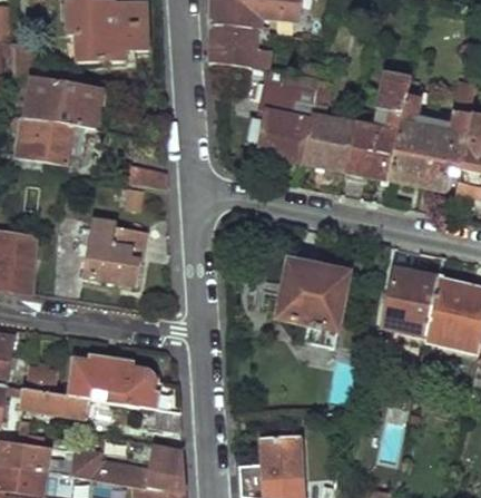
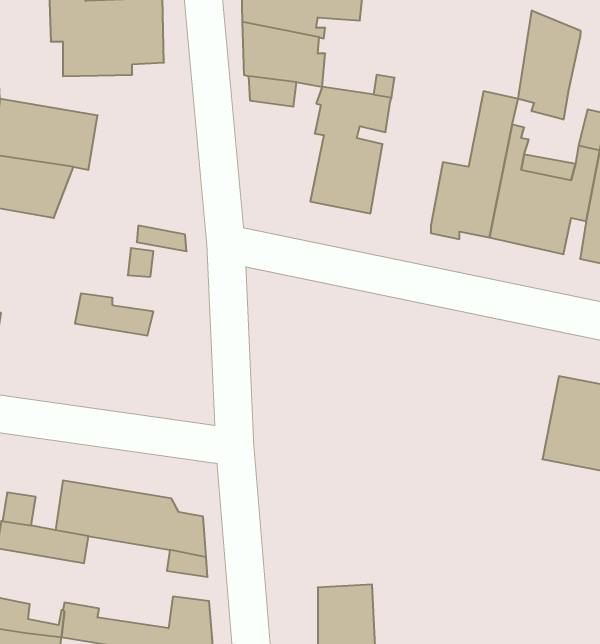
building: none -> [518,10,580,120]
building: [302,78,355,169] -> none
building: [77,242,137,285] -> none
building: [278,261,349,346] -> none
building: [384,272,441,348] -> none

